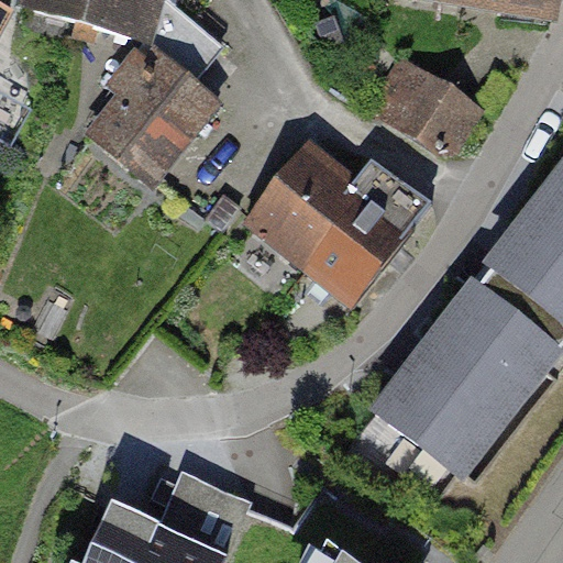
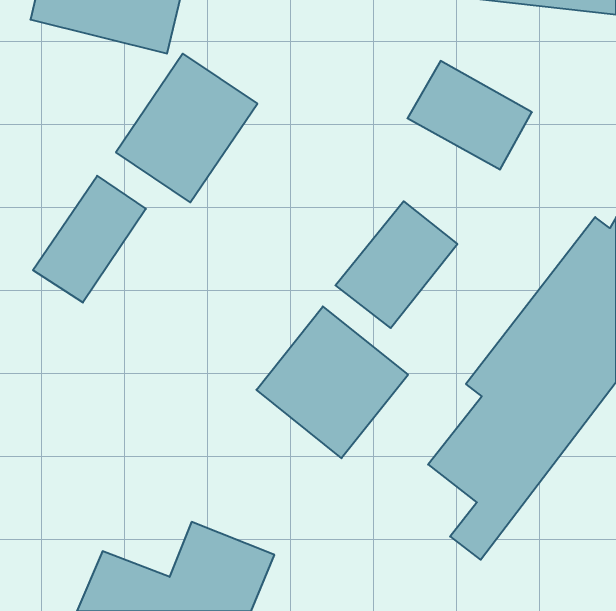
building: [254,143,364,257] -> none
building: none -> [33,176,146,303]
building: none -> [256,306,408,458]

